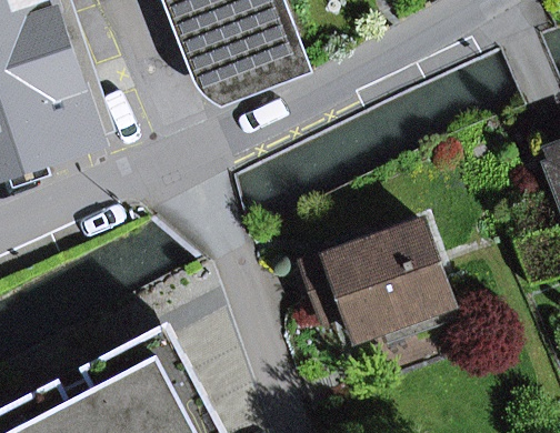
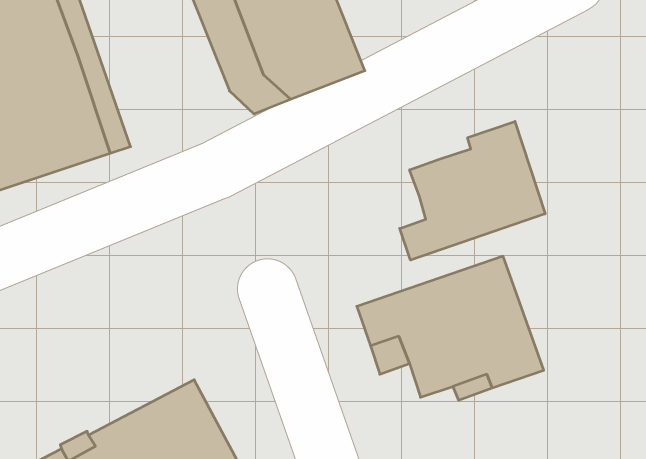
building: none -> [400,121,545,260]

